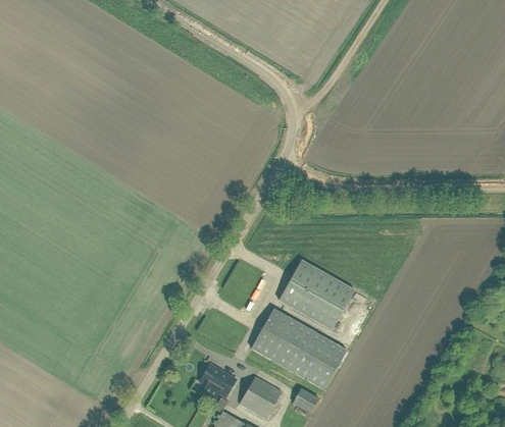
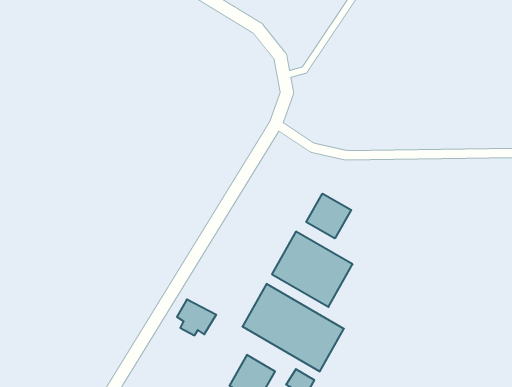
building: none -> [306,194,351,238]
building: [201,364,238,397] -> [177,299,216,335]

